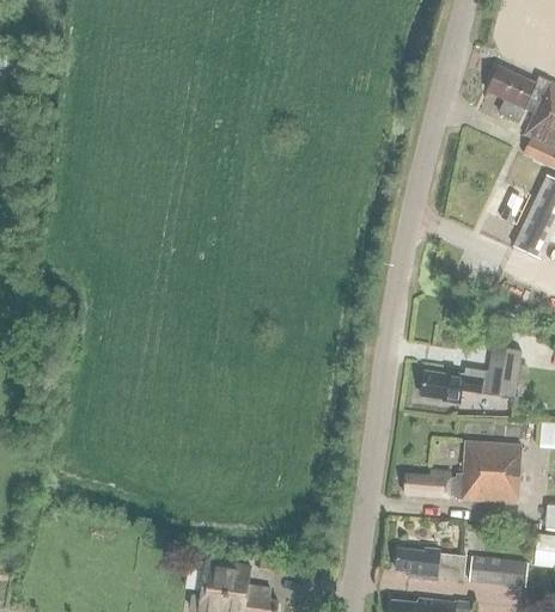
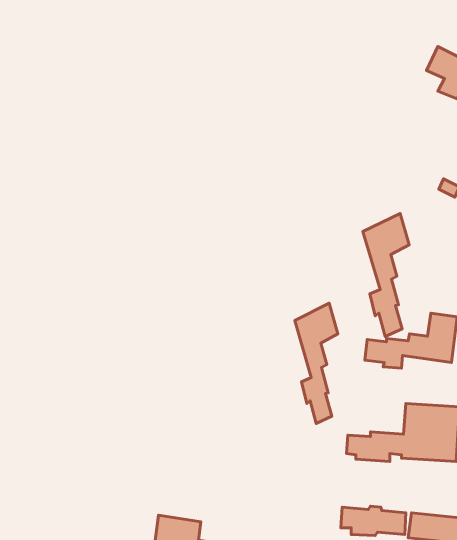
building: none -> [363,214,409,336]
building: none -> [295,303,338,424]

